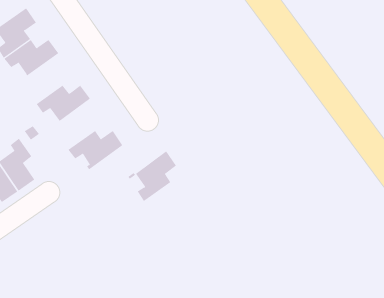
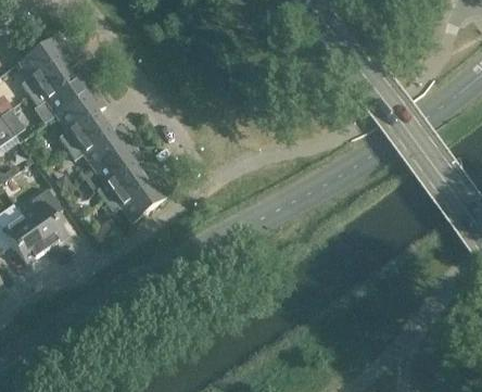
building: none -> [47,88,105,148]
building: [128,151,177,202] -> [85,141,142,201]

